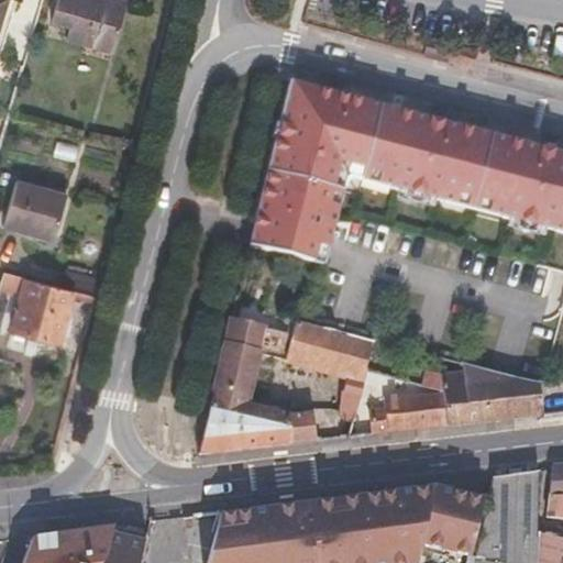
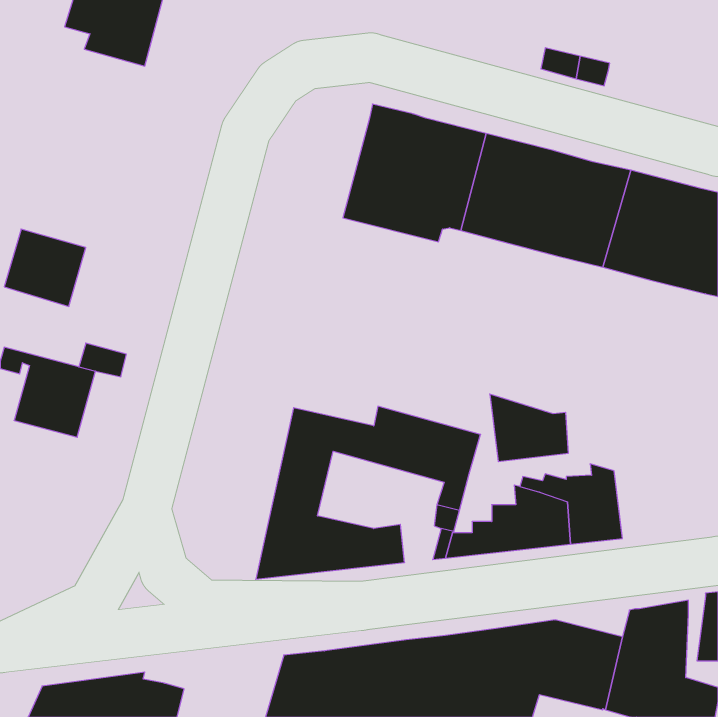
building: [250,170,343,261] -> none
building: [481,368,542,421] -> [490,394,568,462]

